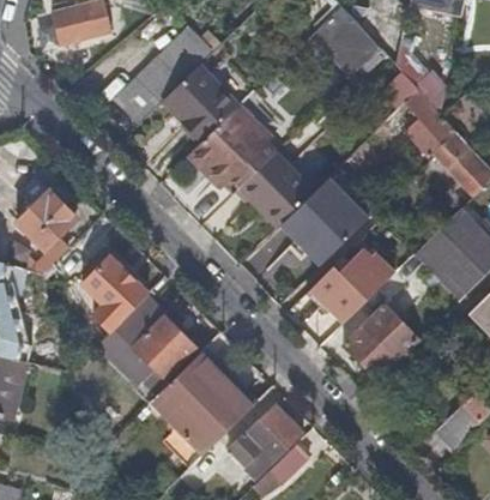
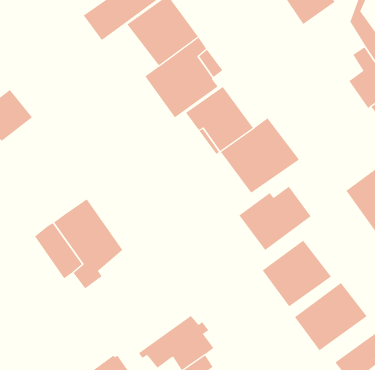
building: [81,254,146,331] -> none
building: none -> [294,282,367,351]
building: [149,351,253,456] -> none

